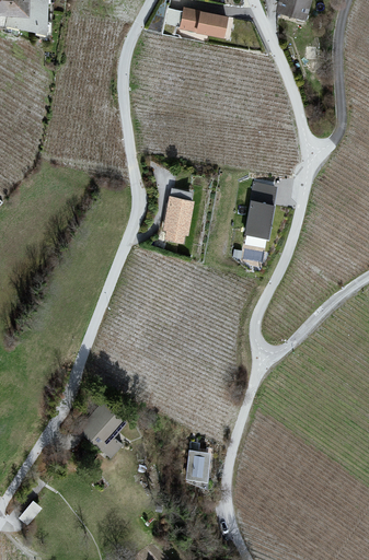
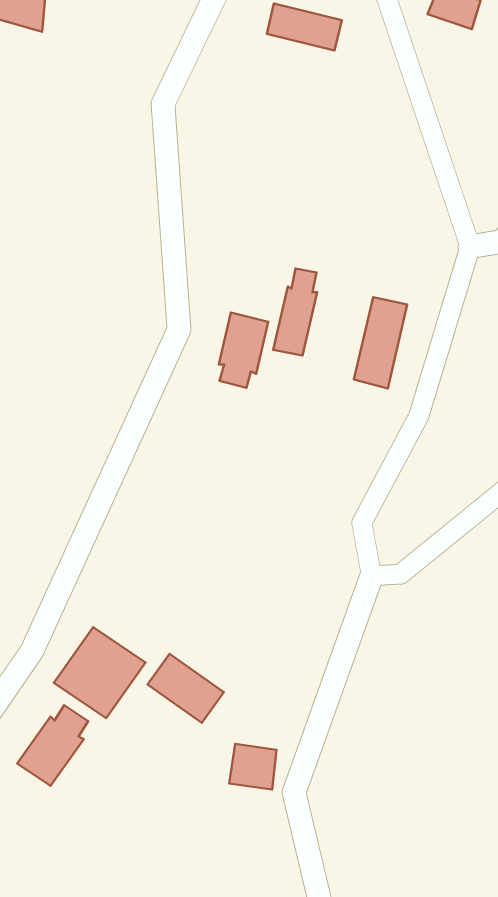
building: none -> [273,269,317,356]
building: none -> [148,654,224,723]
building: none -> [17,705,88,786]

